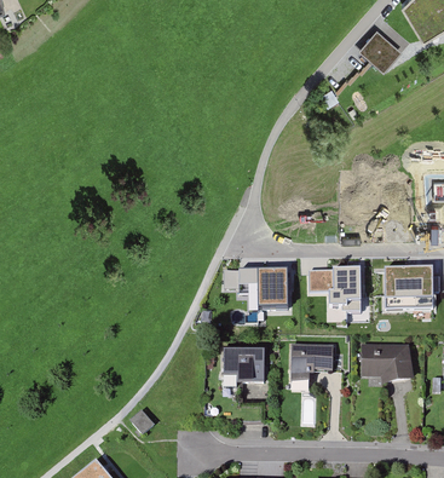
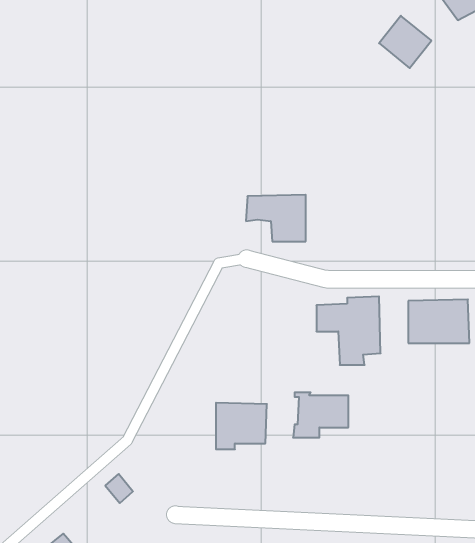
building: [238,269,288,307] -> [246,195,306,241]
building: [362,344,415,382] -> none

